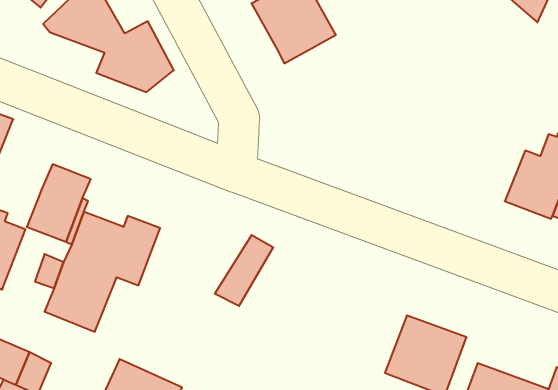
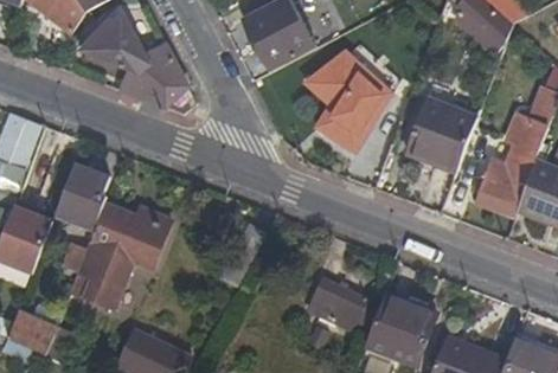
building: none -> [313,52,398,167]
building: none -> [399,91,472,162]
building: none -> [308,277,376,330]

